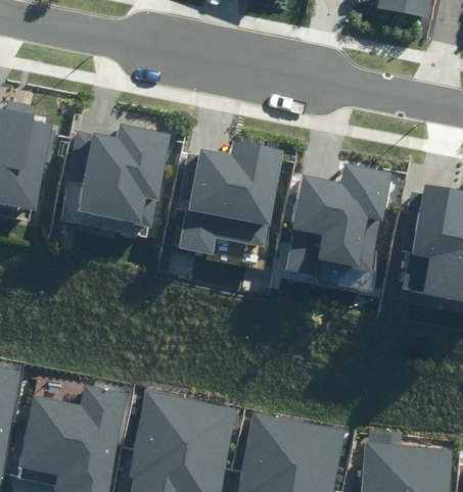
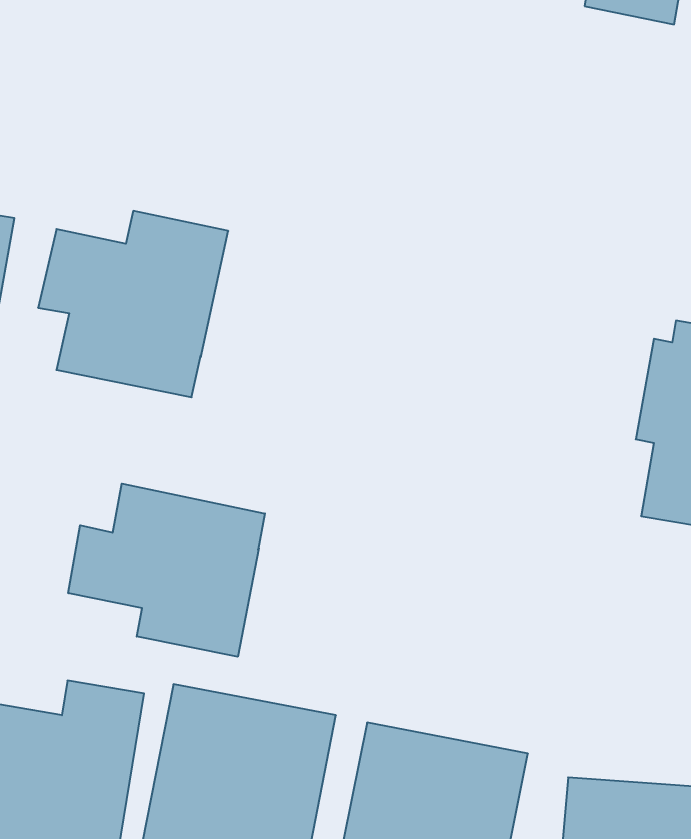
building: [180,143,285,254] -> none
building: [286,166,390,279] -> none
building: none -> [68,484,265,657]

